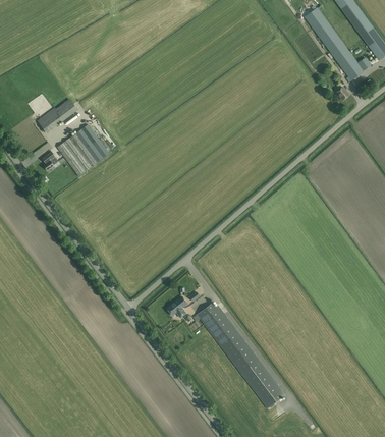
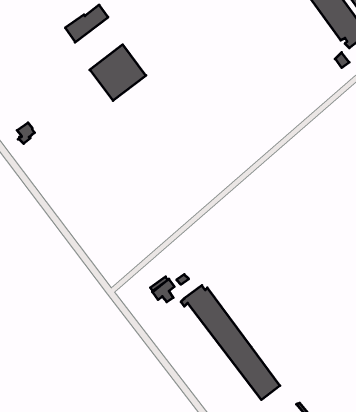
building: [38,98,77,132] -> [65,5,108,42]
building: [57,123,109,175] -> [90,45,146,101]

